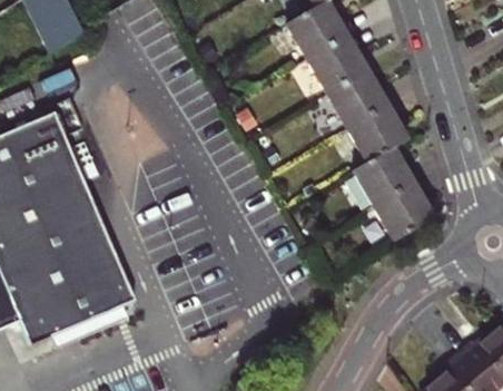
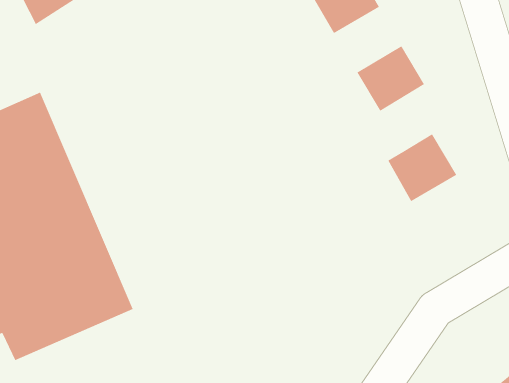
building: [306,35,365,91] -> none
building: [346,101,405,159] -> none
building: [373,179,433,238] -> none

